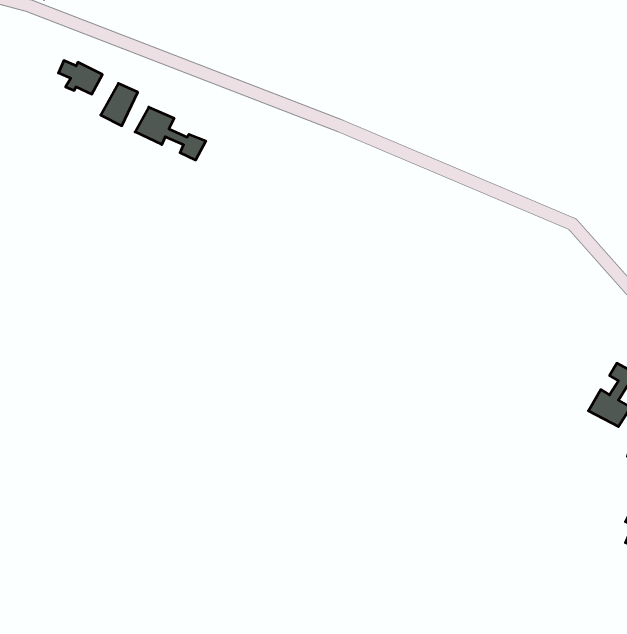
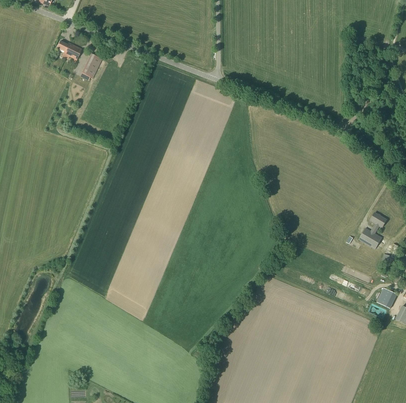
building: [135,107,206,160] -> none

